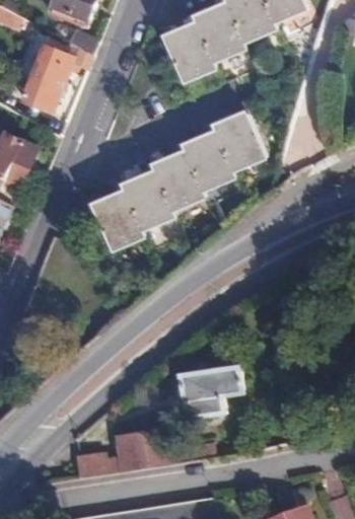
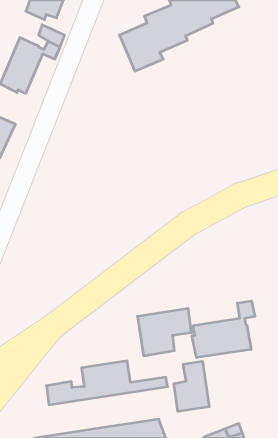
building: [92,114,264,252] -> none
building: none -> [192,301,255,358]
building: none -> [174,361,209,411]

